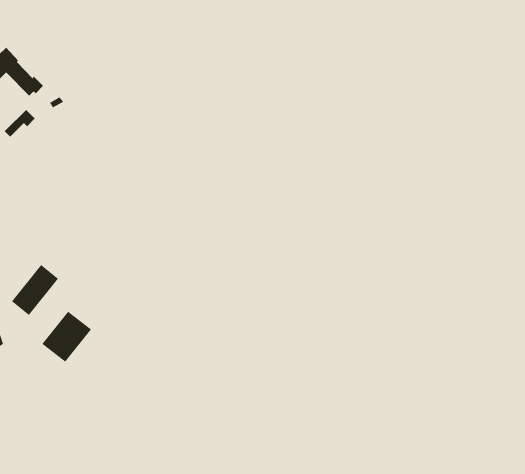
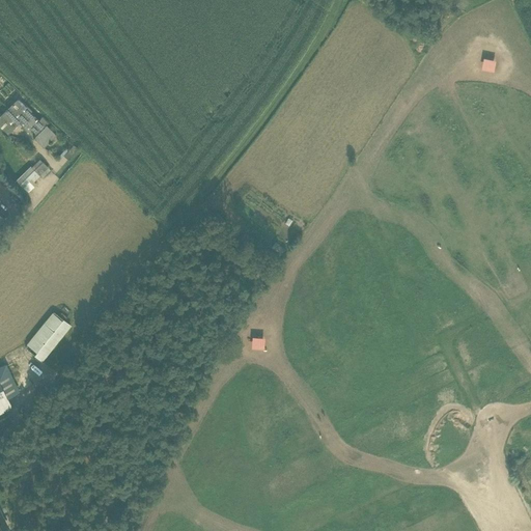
building: [42,311,92,362] -> none

